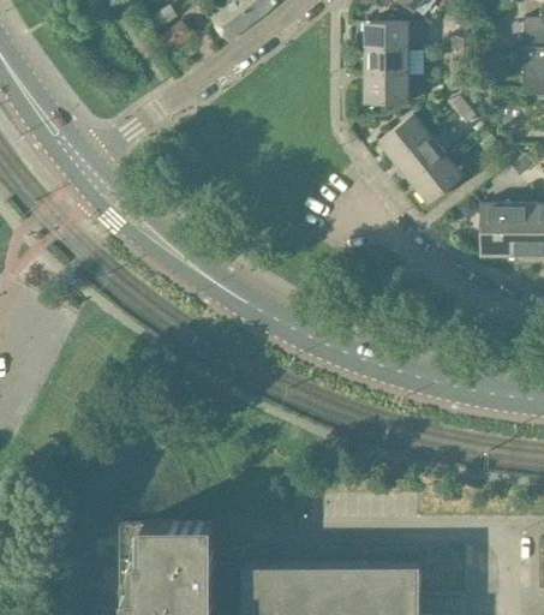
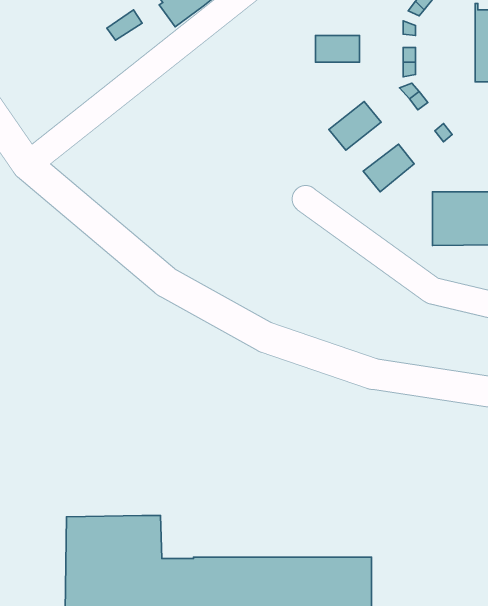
building: [366,23,410,50] -> none
building: [366,77,410,103] -> none
building: [396,136,448,184] -> none

